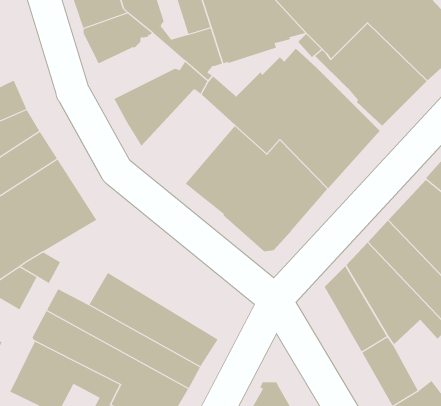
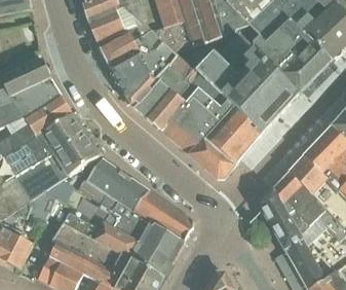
building: none -> [101,25,161,71]
building: none -> [130,65,196,131]
building: none -> [85,157,193,241]

